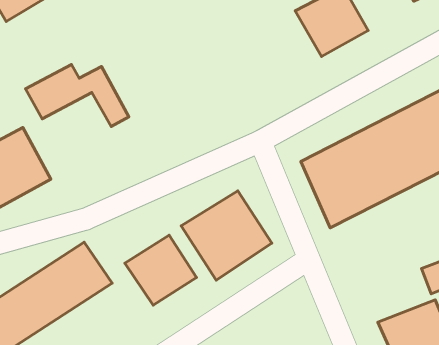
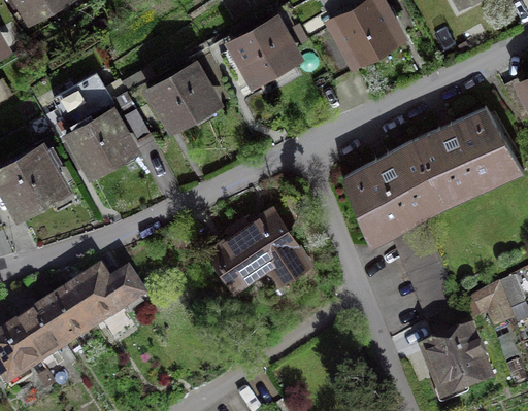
building: none -> [226,16,302,91]
building: none -> [147,64,221,132]
building: none -> [64,109,138,181]
building: [125,235,196,305] -> none

